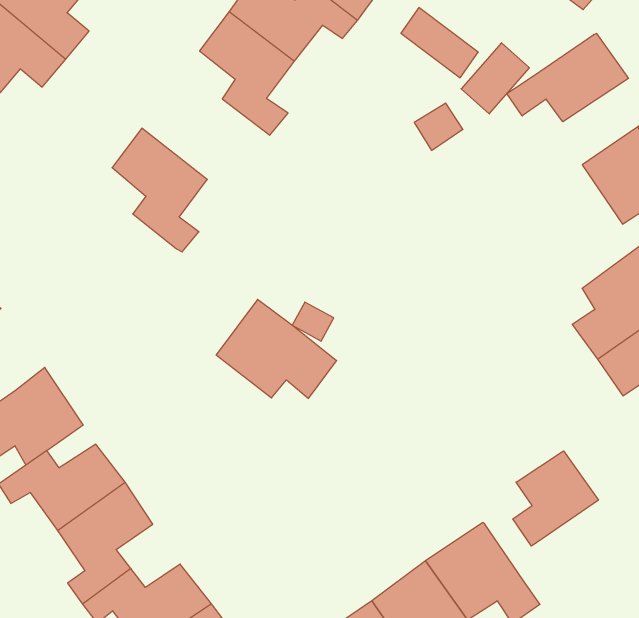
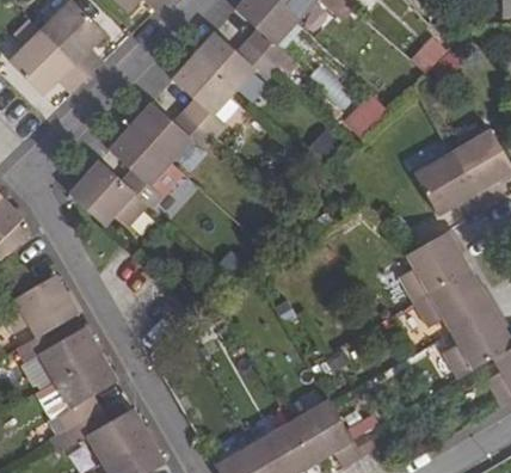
building: [507,33,628,122] -> none
building: none -> [131,100,214,161]
building: [216,299,337,398] -> [69,160,147,227]
building: [513,451,598,546] -> none

